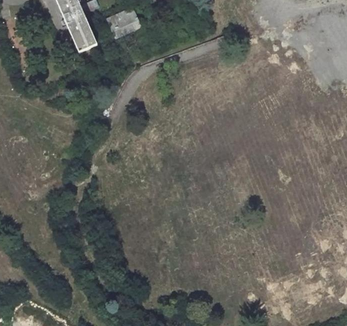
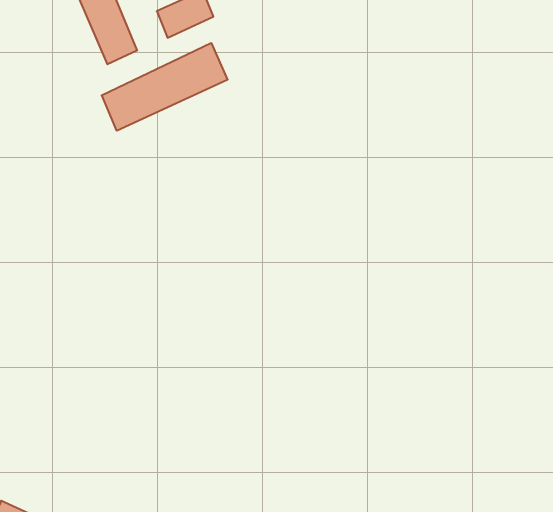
building: none -> [102,43,228,131]

